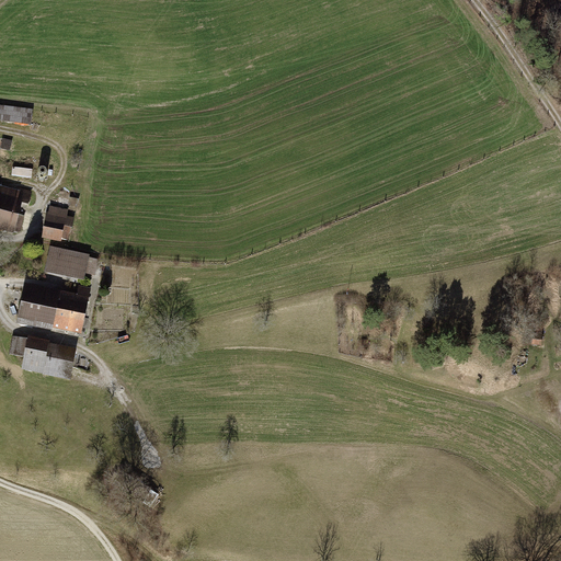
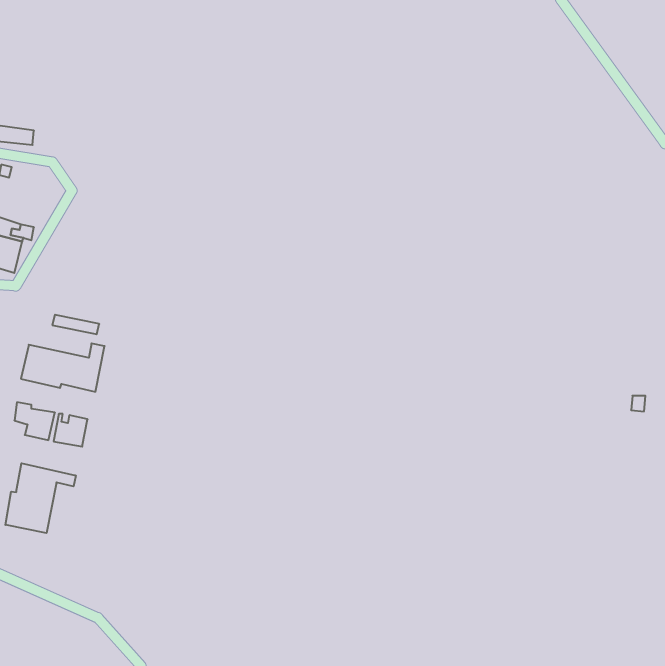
building: [42,206,67,238] -> none
building: [46,249,93,274] -> none
building: none -> [5,463,76,533]

